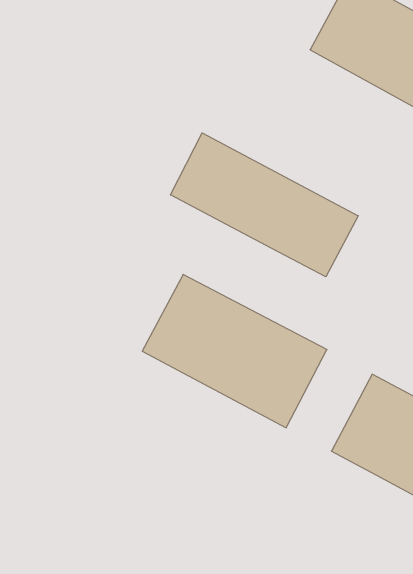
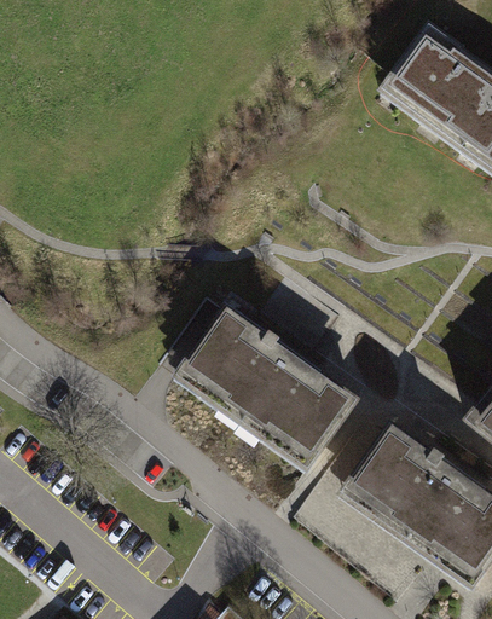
building: [170,133,358,277] -> none

